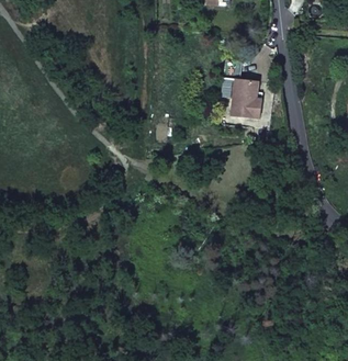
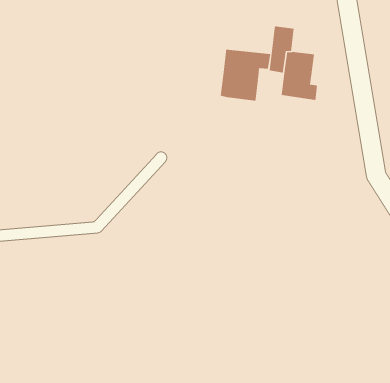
building: none -> [220,49,271,101]

